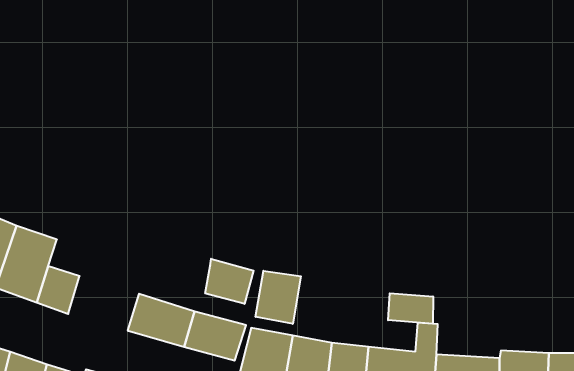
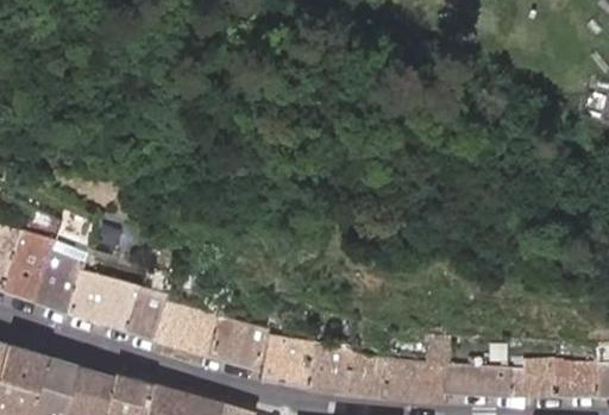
building: [205,259,254,304] -> none
building: [256,271,301,324] -> none
building: none -> [99,289,165,340]
building: [388,293,433,324] -> none

